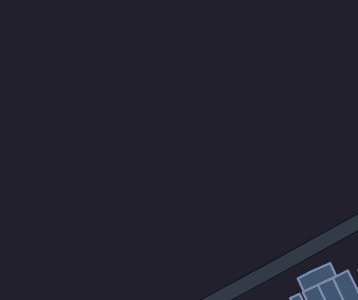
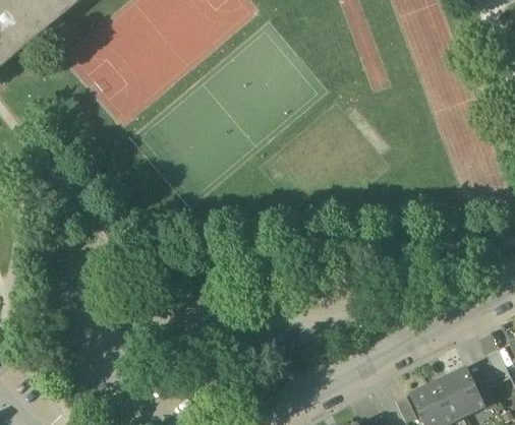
building: [298,263,336,291] -> none

